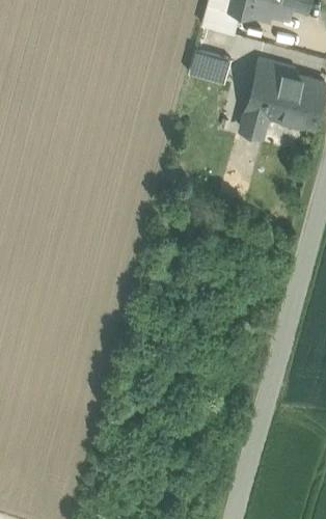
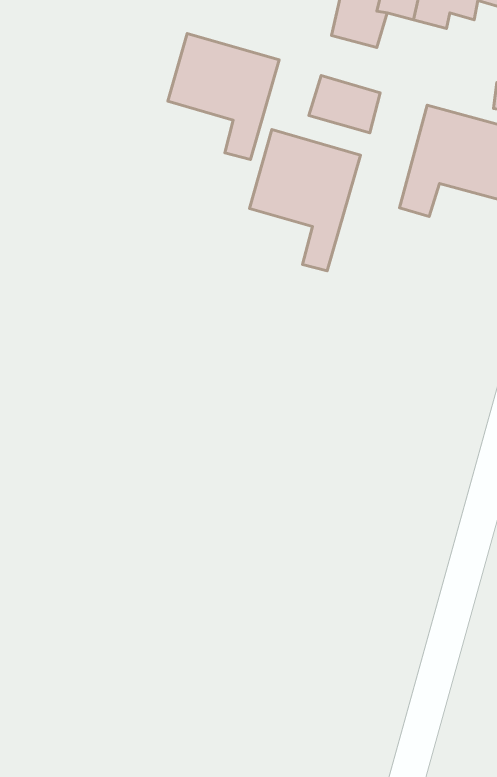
building: none -> [168,33,279,160]
building: none -> [249,130,361,271]

